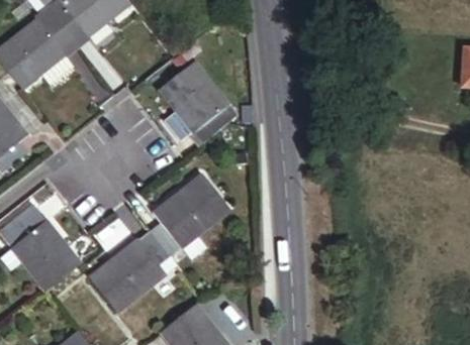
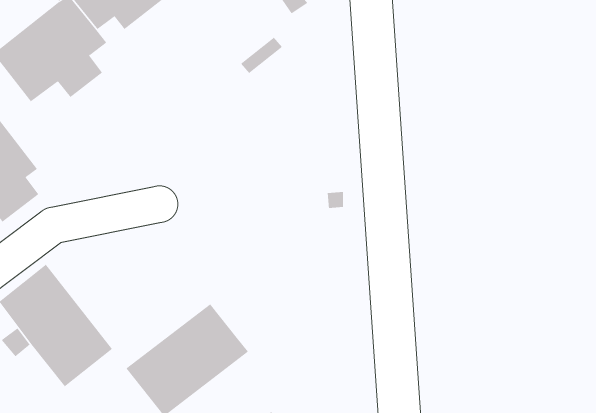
building: [162,62,239,143] -> none
building: [151,174,229,255] -> none

